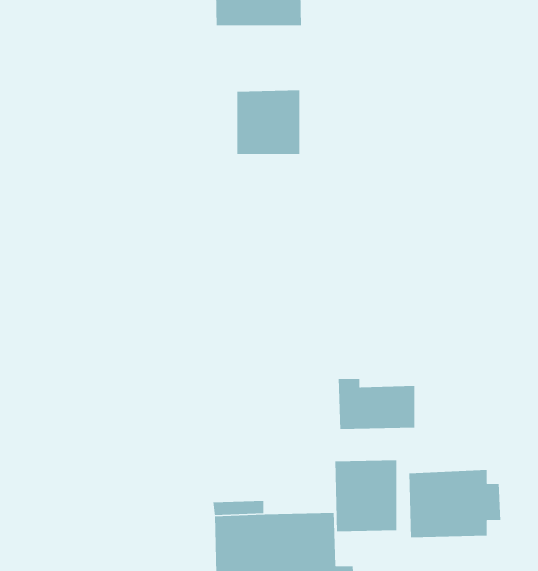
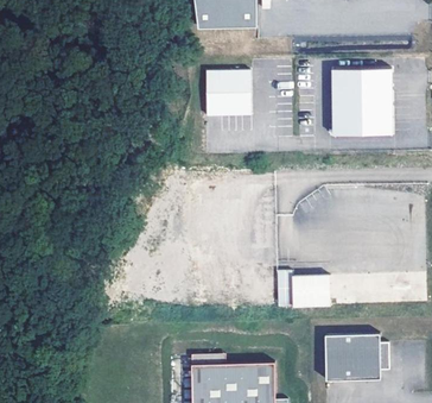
building: none -> [332,68,392,133]
building: [334,459,397,532] -> none

